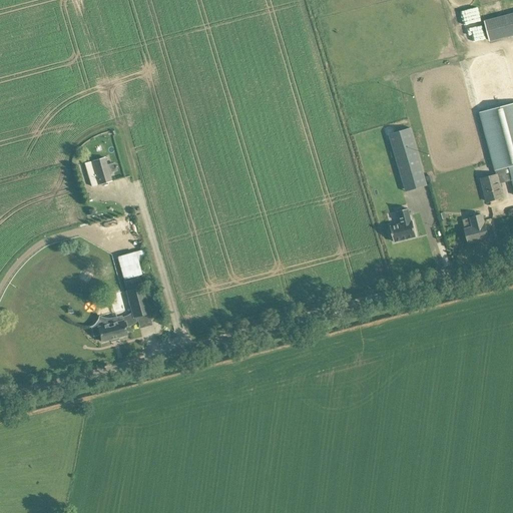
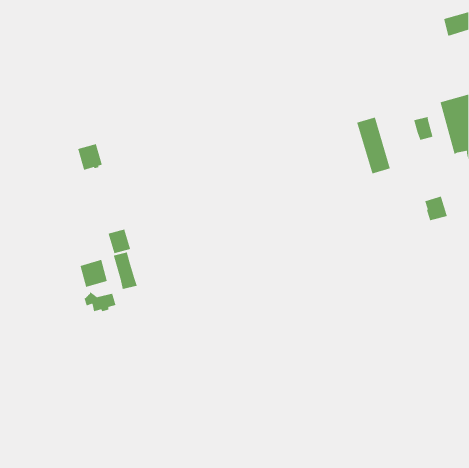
building: [481,173,503,200] -> [413,116,434,141]
building: [390,206,417,240] -> none
building: none -> [80,259,108,288]

